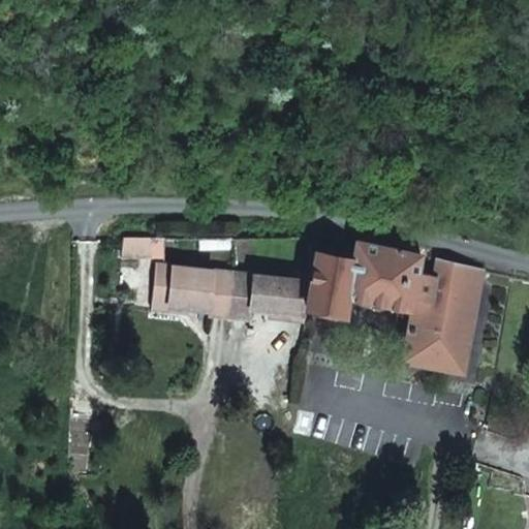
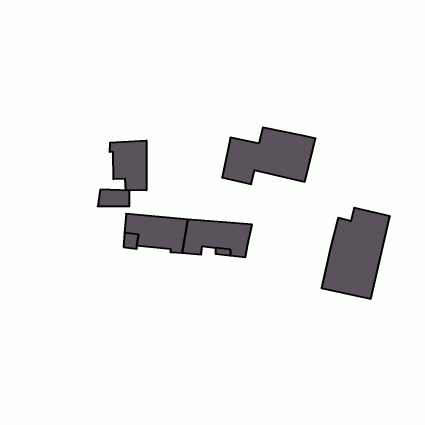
building: none -> [110,140,146,190]
building: [309,242,425,312] -> [222,127,316,184]

